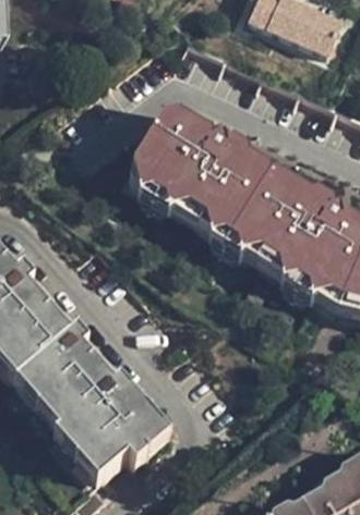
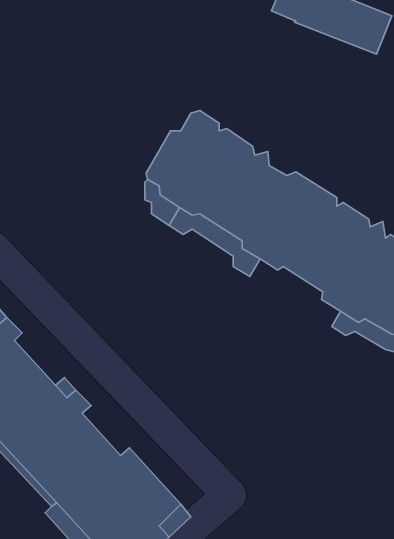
building: [223,222,300,280] -> none

